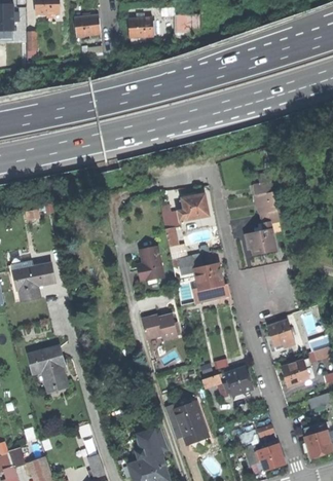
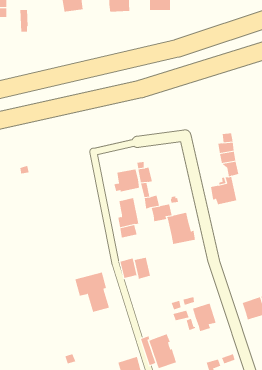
building: [179,194,209,221] -> [114,169,140,192]
building: [13,263,55,300] -> none
building: [266,317,296,347] -> none
building: [28,346,68,393] -> [75,272,110,312]

